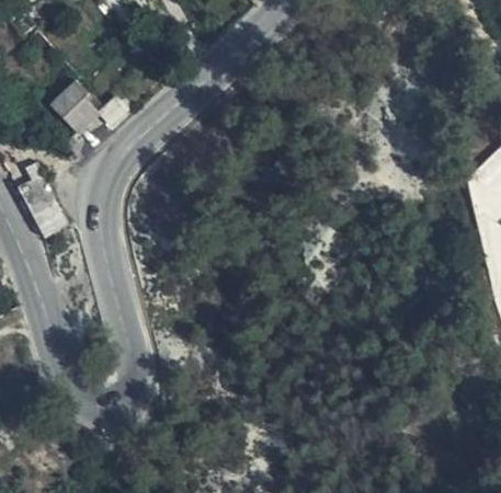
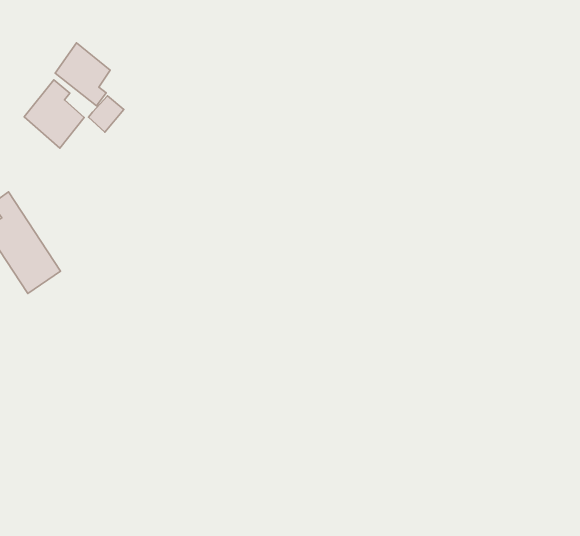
building: none -> [55,43,110,106]

